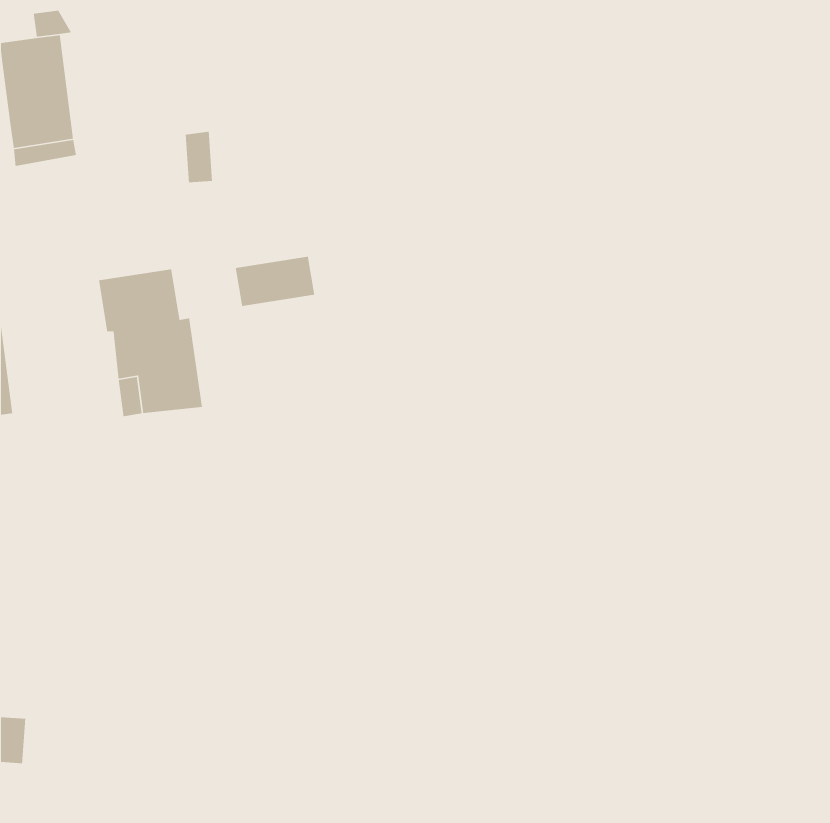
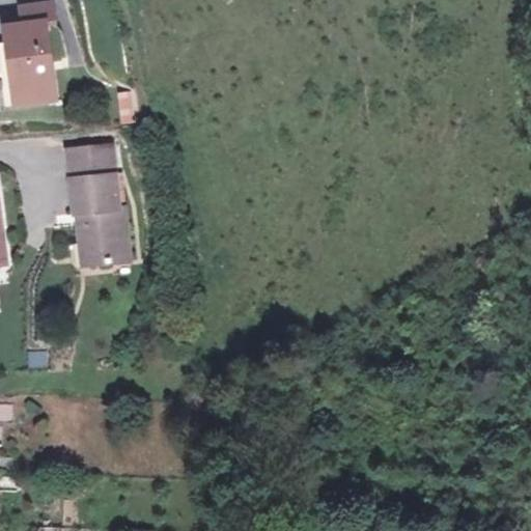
building: [235,256,315,307] -> [62,145,113,177]

